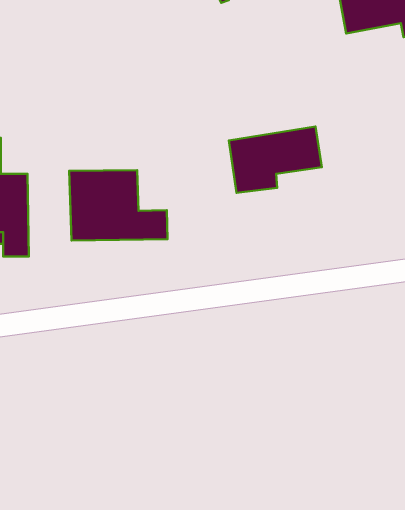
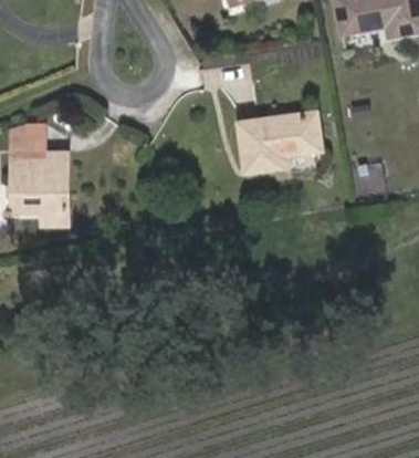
building: [69,170,168,241] -> none

